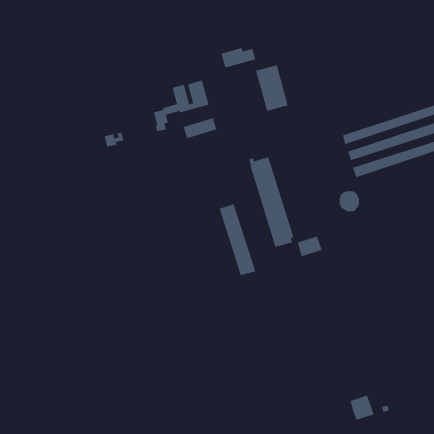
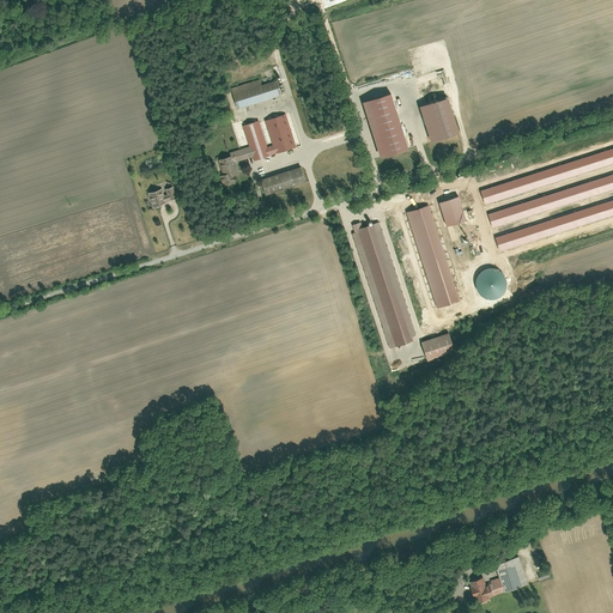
building: [221,48,256,68] -> [230,80,280,109]
building: none -> [415,97,455,142]
building: none -> [441,196,468,226]
building: [219,203,256,276] -> [408,206,461,308]
building: none -> [466,577,502,601]

